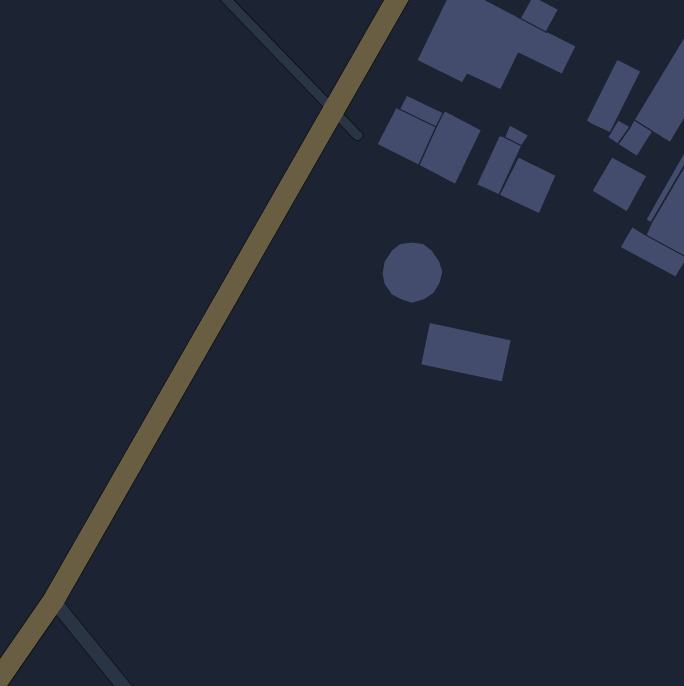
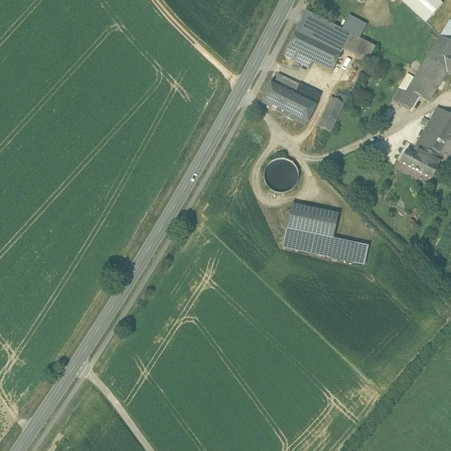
building: [586,59,641,133] -> none
building: [499,157,556,214] -> none
building: [592,157,647,212] -> none
building: none -> [282,227,368,264]

